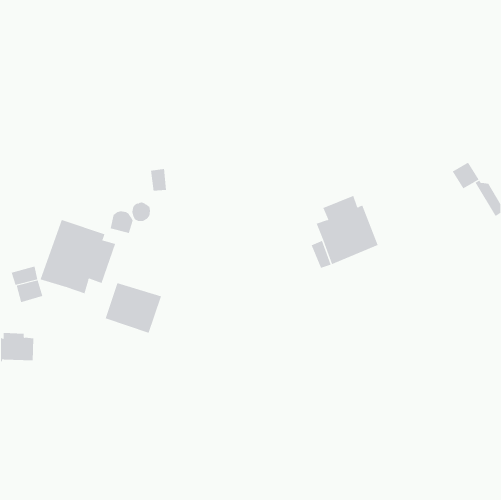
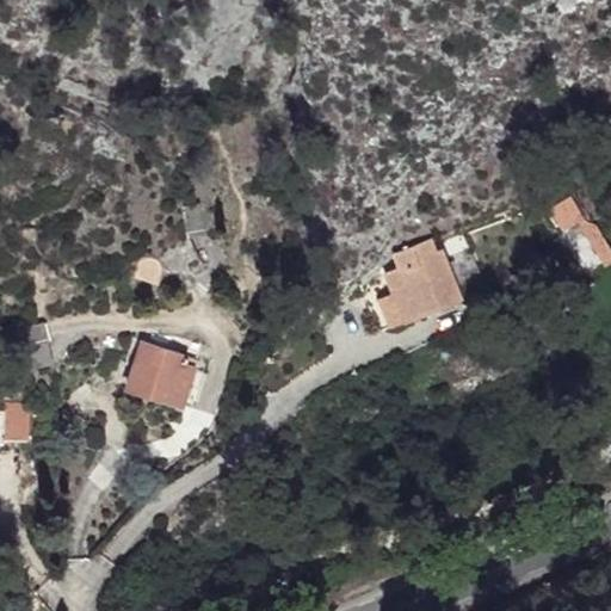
building: [40,219,116,294] -> none

